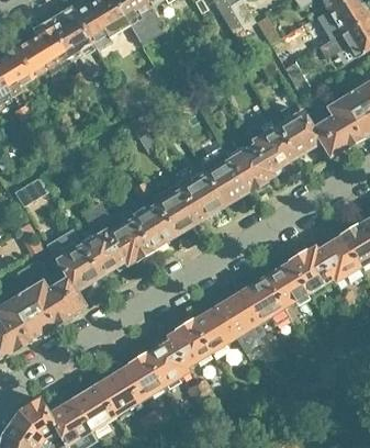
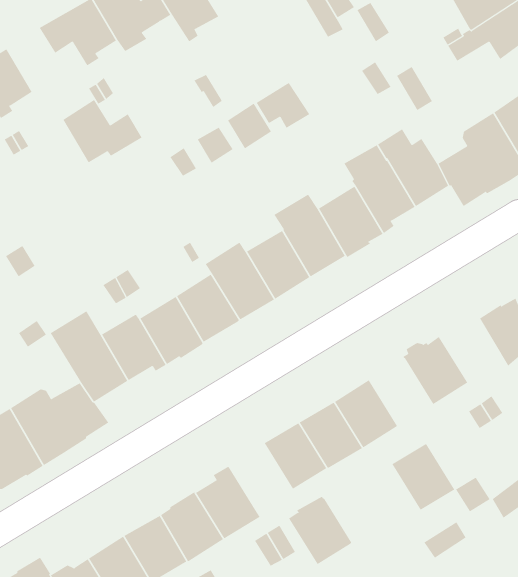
building: [16,34,71,78] -> [63,99,142,163]
building: [314,233,361,281] -> none
building: [266,261,310,307] -> [391,443,455,510]
building: [169,320,213,367] -> [288,496,352,565]

